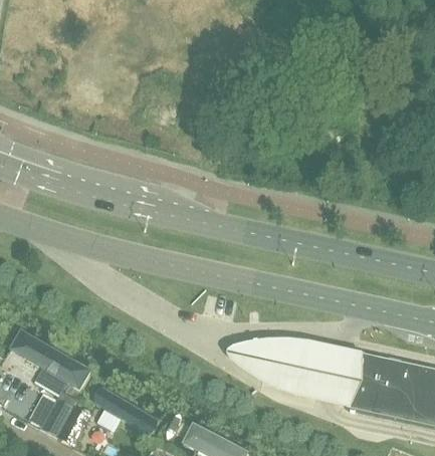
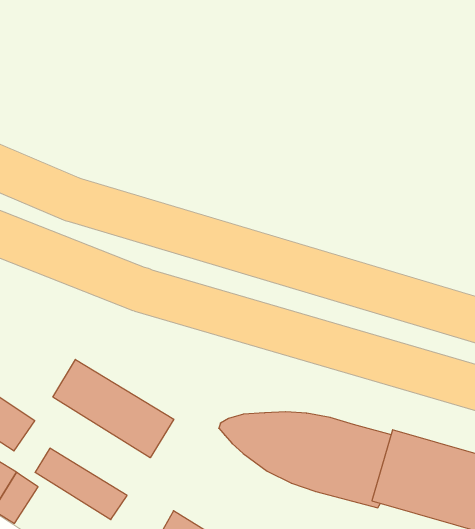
building: none -> [53,359,174,458]

